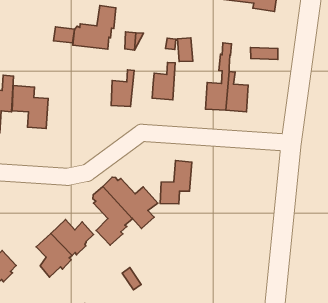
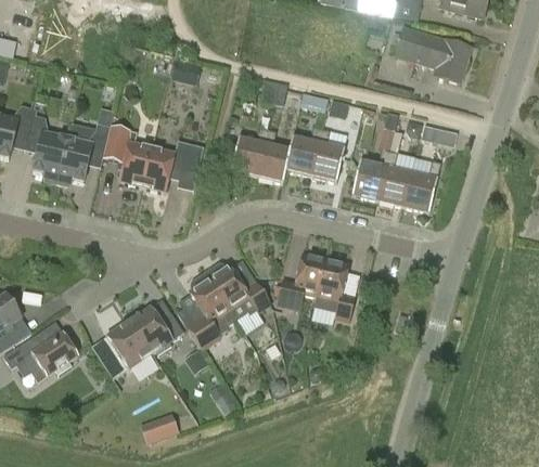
building: [73,5,116,49] -> none
building: none -> [311,128,344,180]
building: none -> [256,129,290,181]
building: none -> [403,160,440,210]
building: none -> [143,140,203,191]
building: none -> [313,258,355,322]

